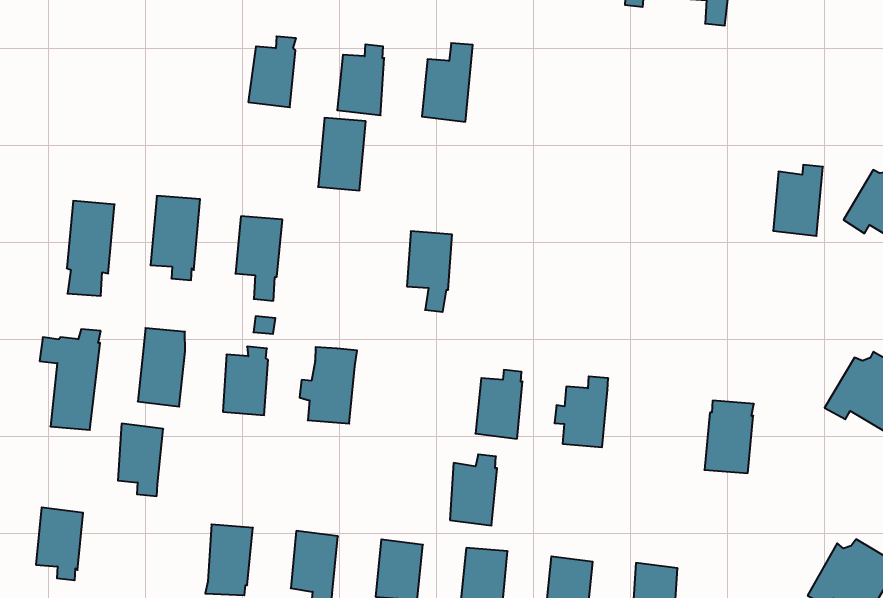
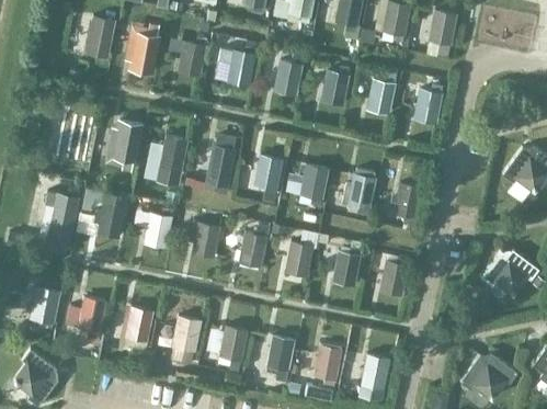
building: none -> [83,16,115,59]
building: none -> [129,29,159,68]
building: none -> [365,68,398,115]
building: none -> [319,66,350,105]
building: [318,118,366,190] -> [204,145,235,188]
building: [773,165,823,236] -> [411,84,443,125]
building: none -> [298,163,328,205]
building: none -> [345,173,375,216]
building: none -> [392,182,421,225]
building: [704,401,754,473] -> [377,254,409,297]
building: [118,424,163,496] -> [77,297,105,340]
building: [450,454,497,525] -> [237,228,266,269]

